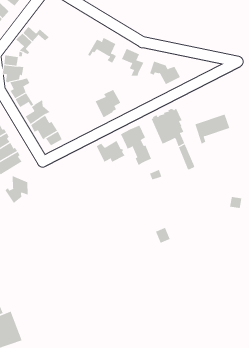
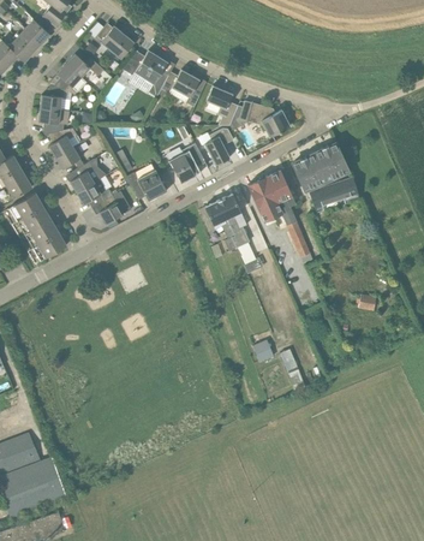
building: none -> [94,23,133,59]
building: none -> [117,50,167,84]
building: none -> [203,129,229,166]
building: none -> [291,142,350,190]
building: [96,140,126,162] -> [124,170,166,201]
building: [4,175,28,204] -> none

